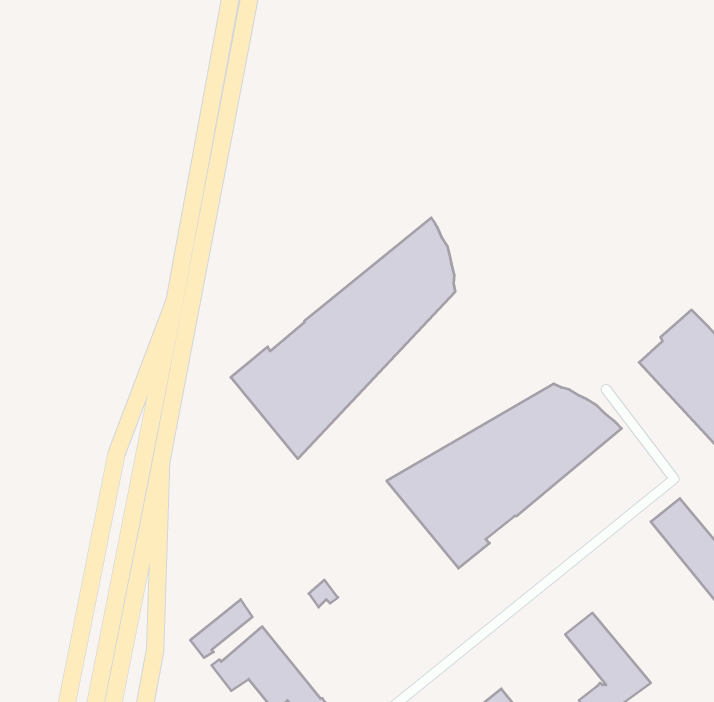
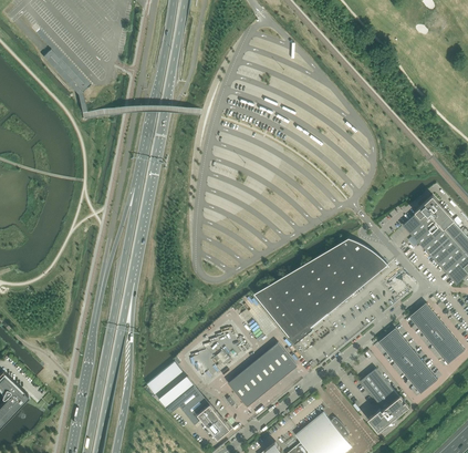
building: [231,218,455,459] -> none
building: none -> [376,328,436,393]
building: none -> [227,344,297,409]

